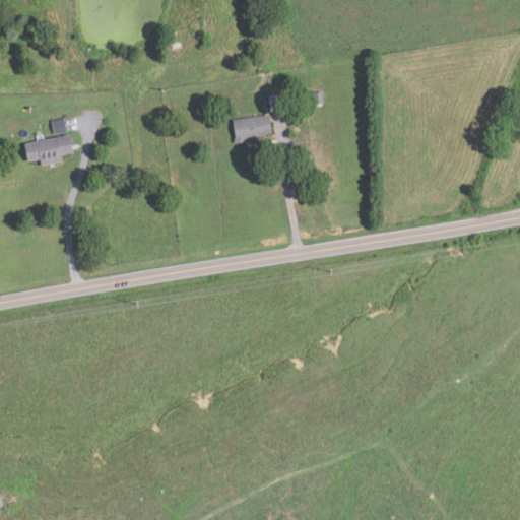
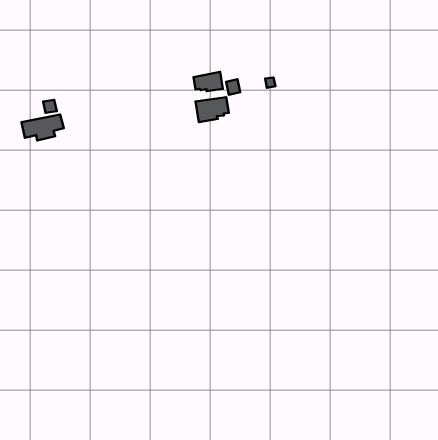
building: none -> [193,72,223,91]

